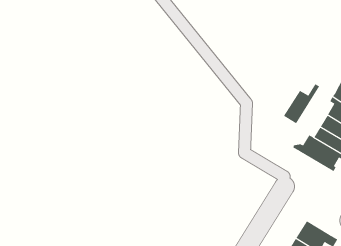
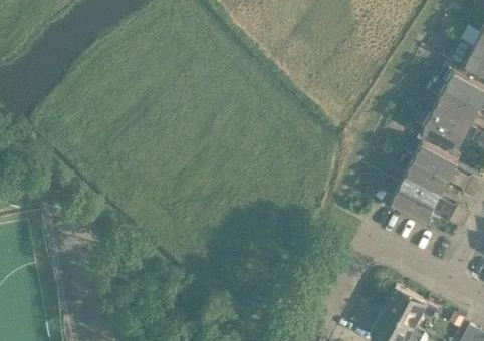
building: [283,84,320,124] -> none

